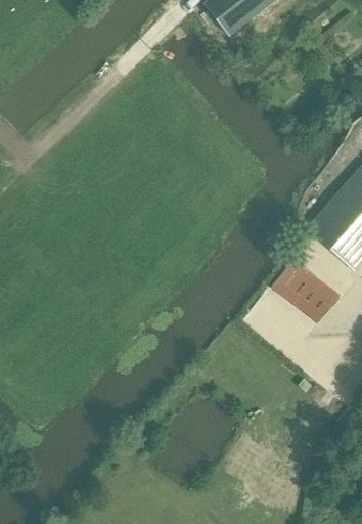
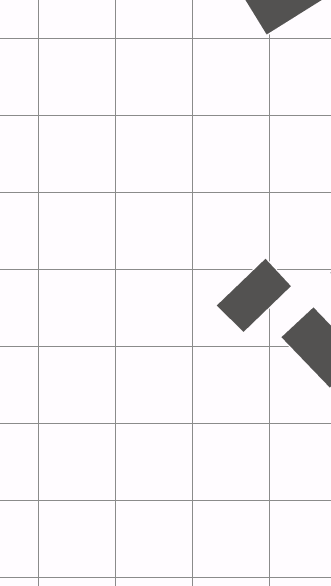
building: none -> [216,258,292,333]

